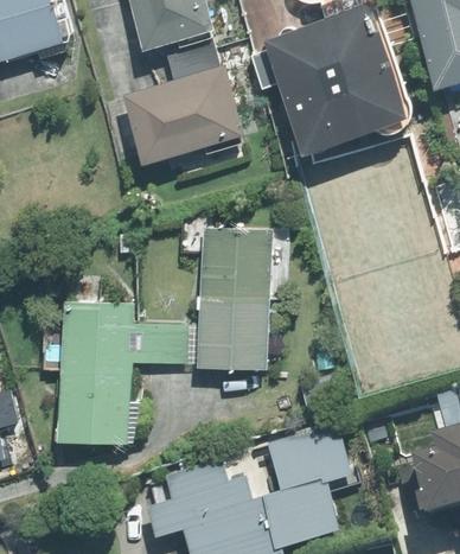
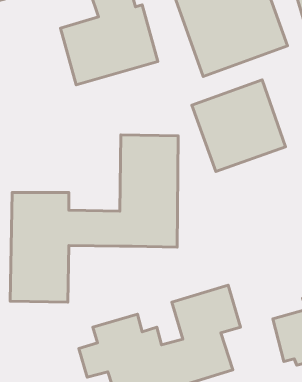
building: none -> [192,80,286,171]

